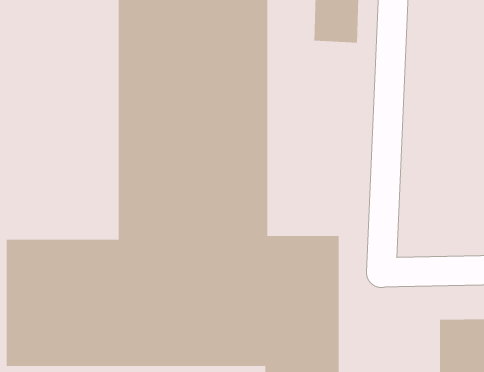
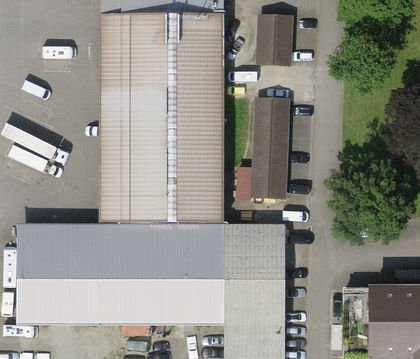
building: none -> [254,93,296,199]

